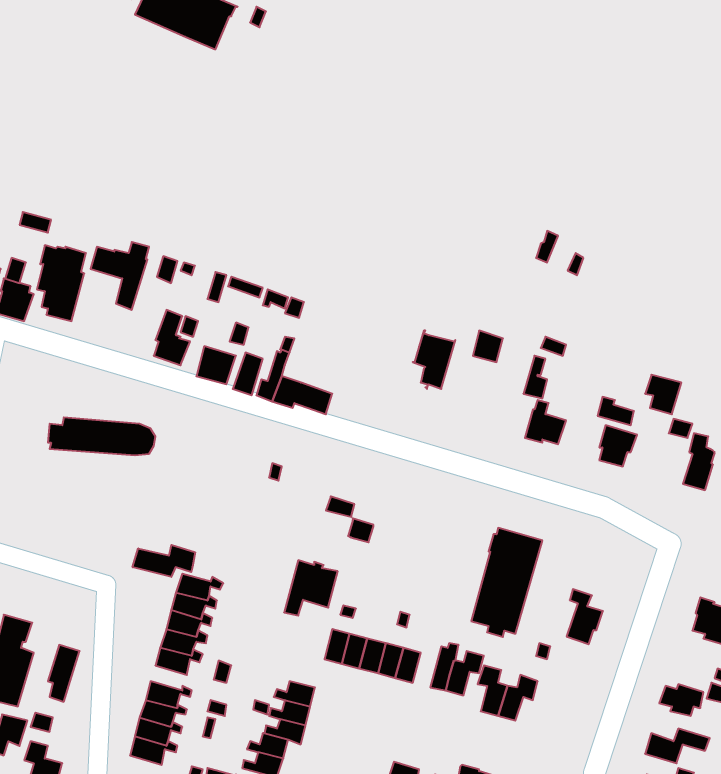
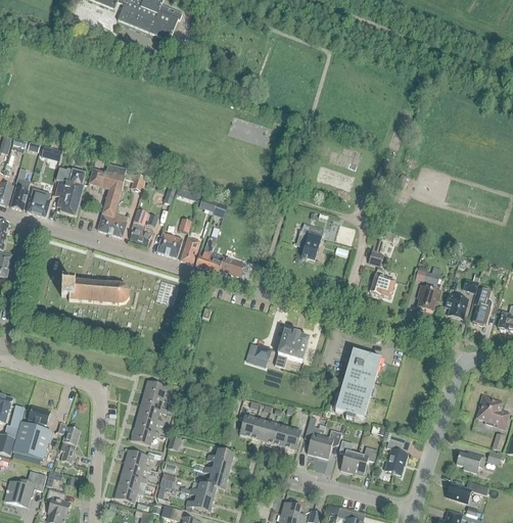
building: none -> [97,205,128,237]
building: [645,375,681,414] -> [445,294,468,320]
building: [133,545,195,577] -> none
building: [284,560,338,616] -> [274,331,309,367]
building: [567,589,603,644] -> [384,439,408,475]

